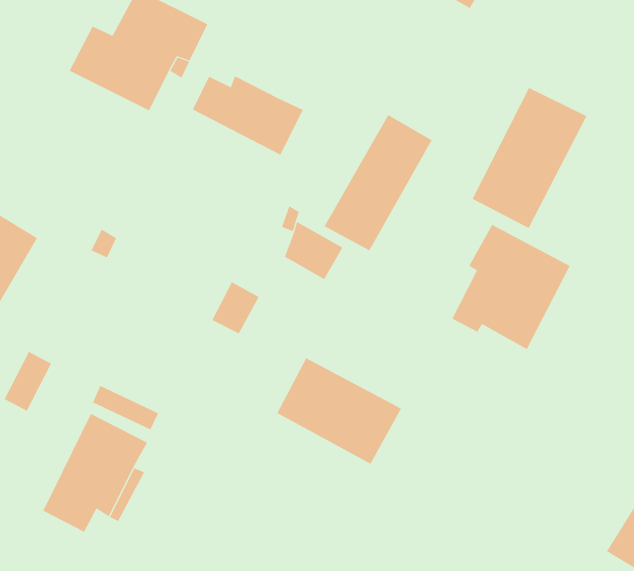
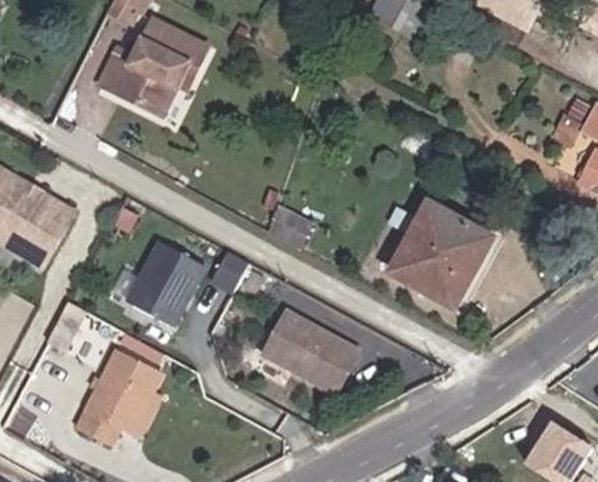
building: [192,75,304,156] -> none
building: [472,87,587,229] -> none
building: [324,114,432,251] -> none
building: none -> [127,240,204,324]

